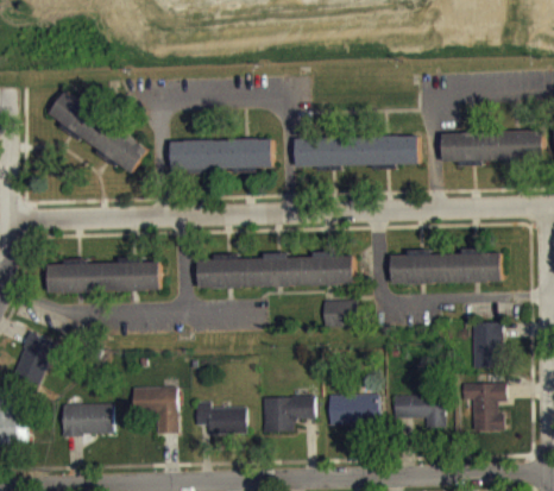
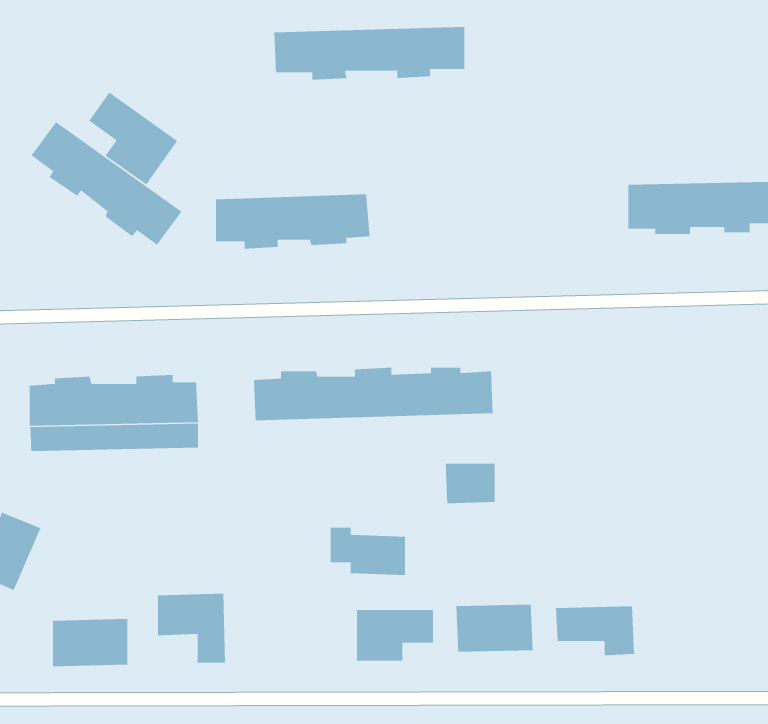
building: none -> [88,92,178,186]
building: [292,128,418,164] -> [273,26,465,81]
building: [389,241,502,276] -> none
building: [472,329,502,376] -> none
building: [461,390,506,439] -> none
building: [195,409,245,441] -> [330,527,406,576]

